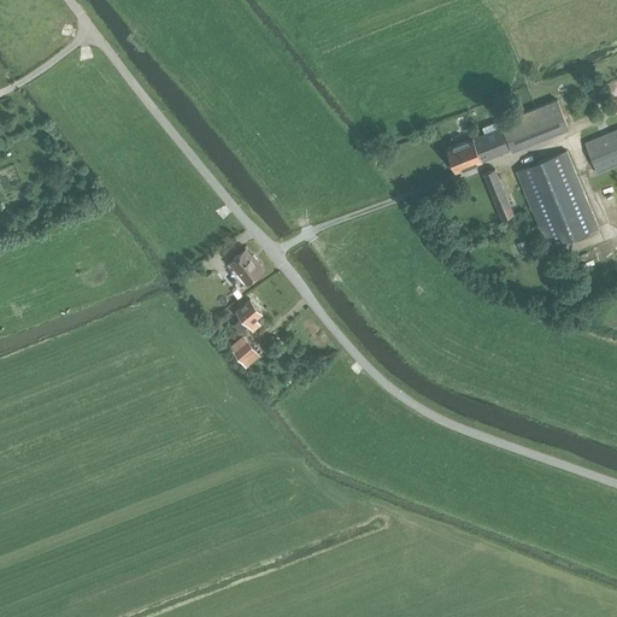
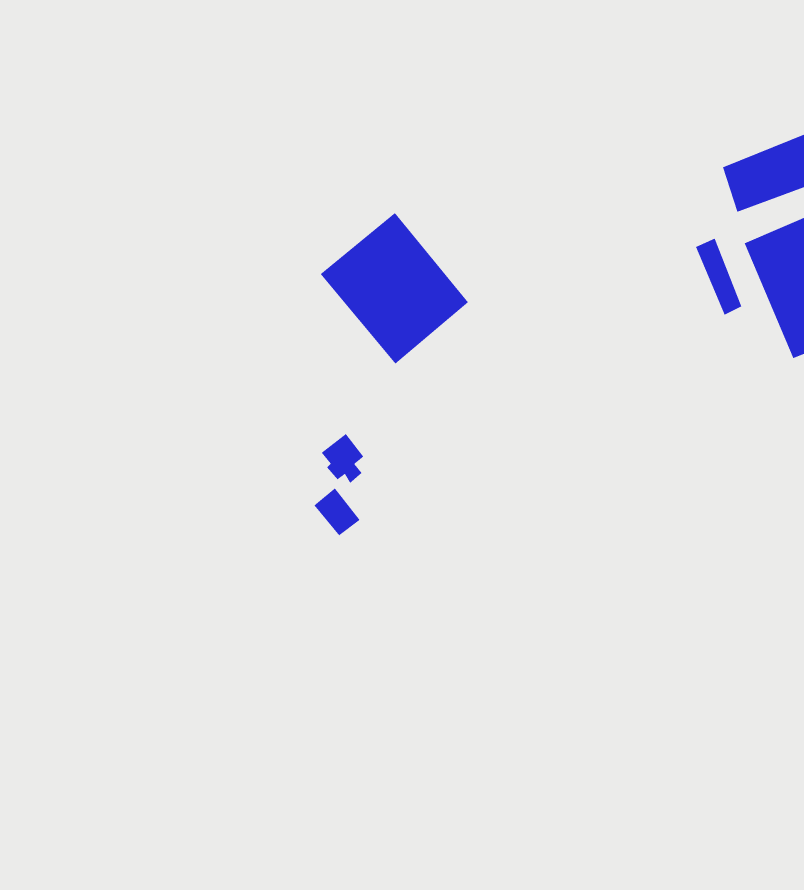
building: [446,128,510,172] -> none
building: none -> [320,212,469,364]
building: [227,249,264,289] -> none

